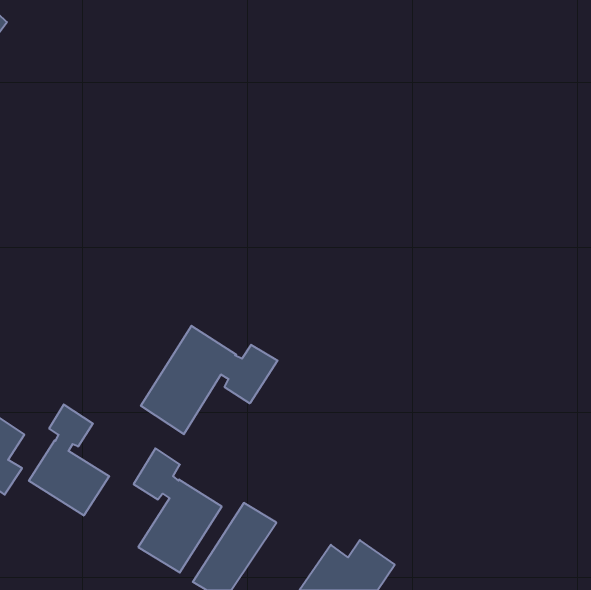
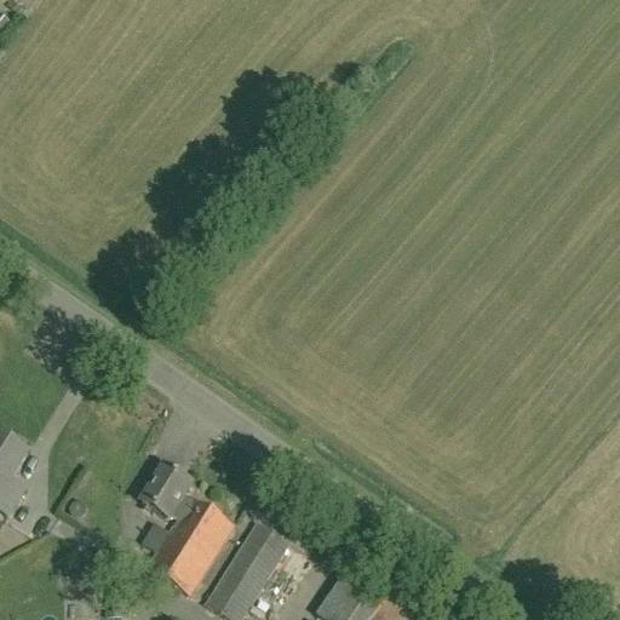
building: [141,326,278,434] -> none
building: [29,404,109,516] -> none

